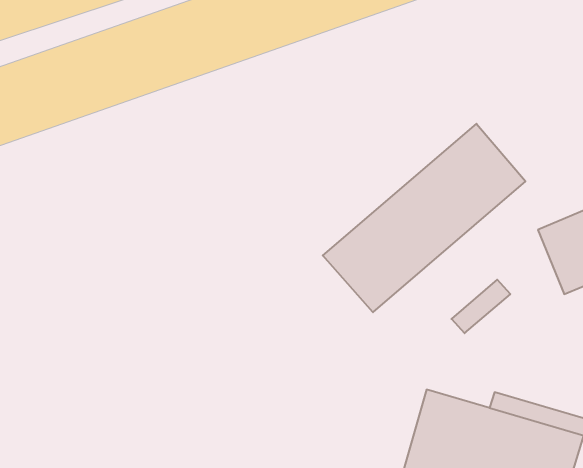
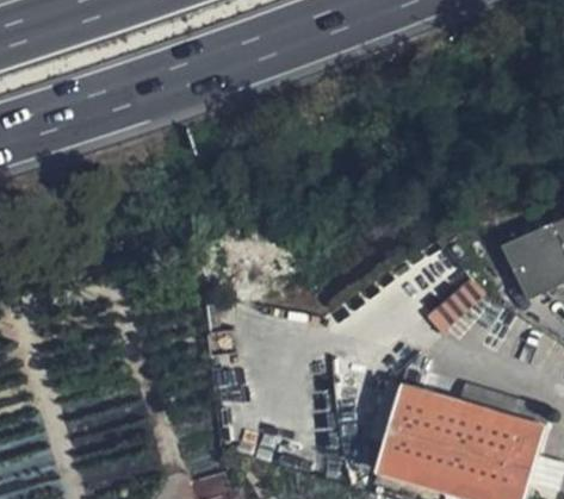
building: [323,124,525,312] -> none

